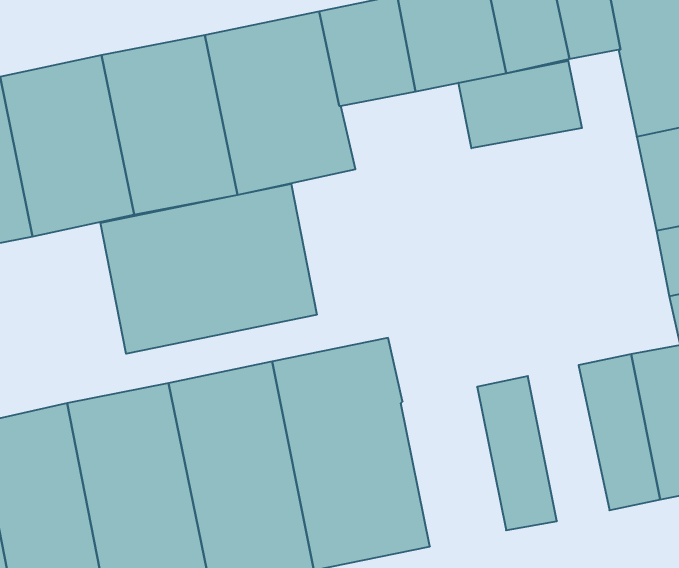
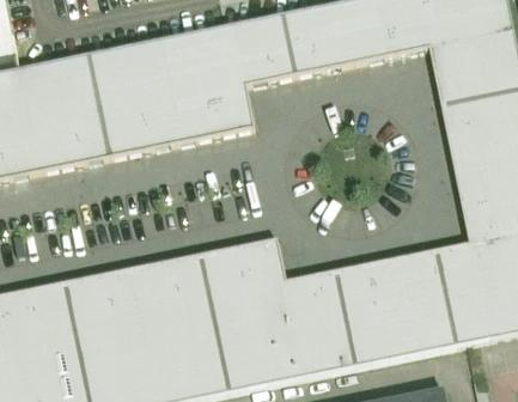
building: [458,61,582,148] -> none
building: [100,184,317,354] -> none
building: none -> [370,255,423,358]
building: none -> [286,269,355,374]

